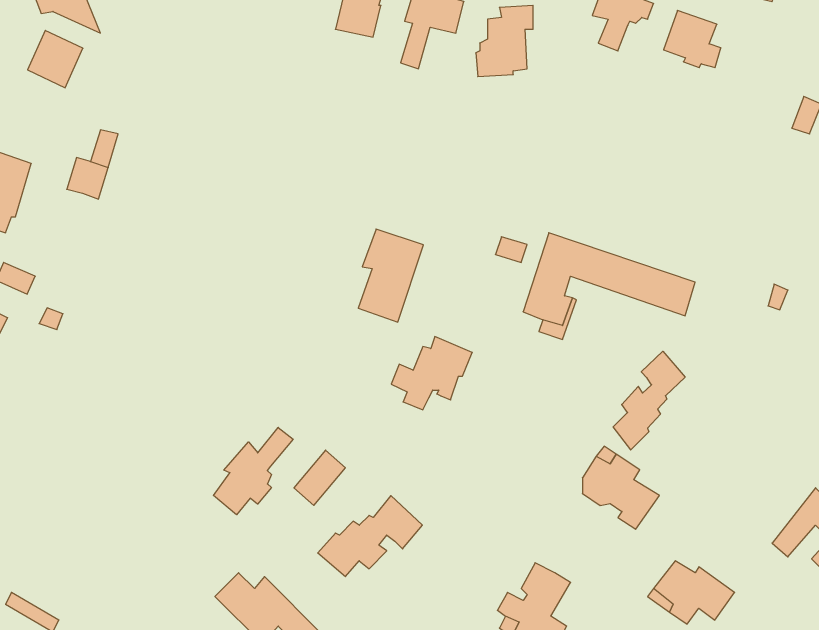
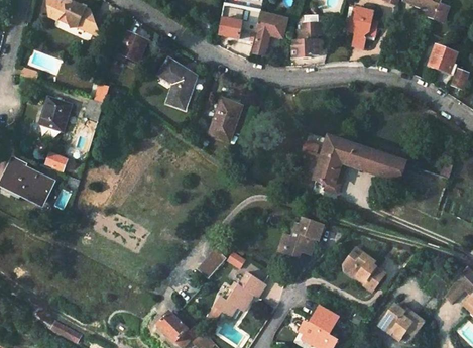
building: [664,10,721,68] -> [429,44,458,74]
building: [28,30,83,88] -> [119,31,147,61]
building: none -> [158,59,196,107]
building: [358,229,423,322] -> [210,92,243,139]
building: [391,337,472,410] -> [280,214,322,251]
building: [613,351,685,450] -> none
building: [213,427,293,515] -> none

